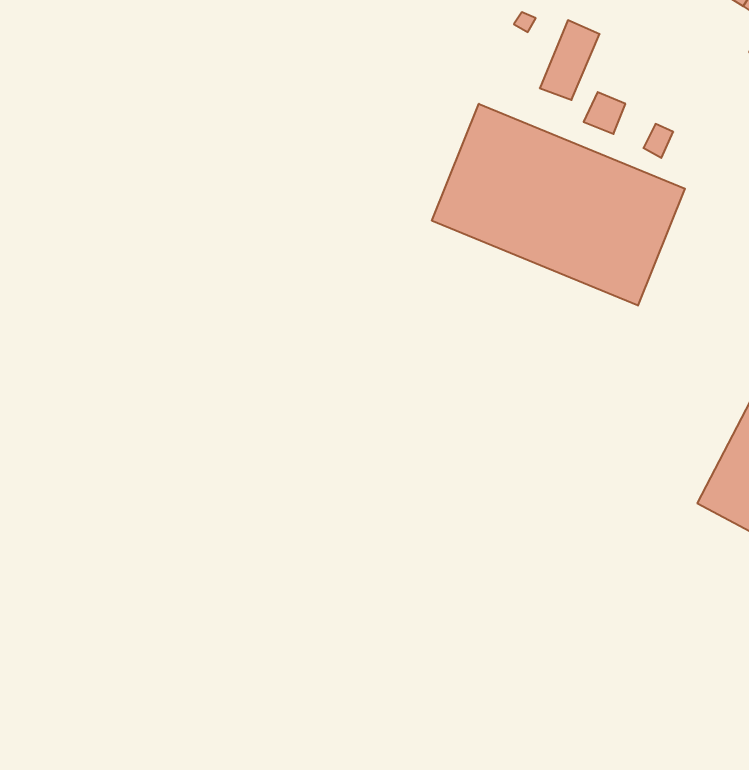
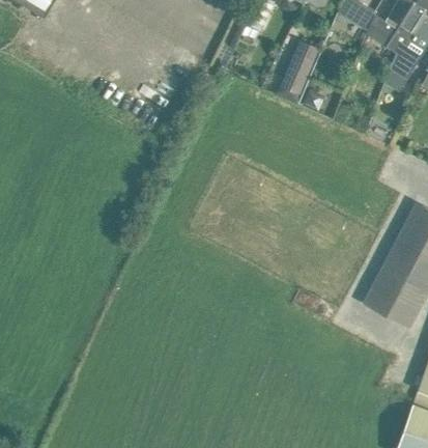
building: [432,104,685,306] -> none

